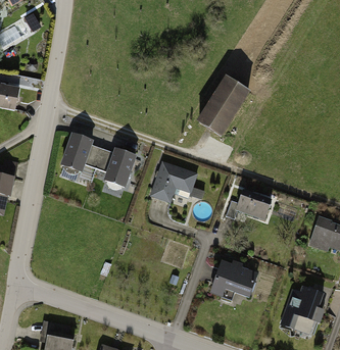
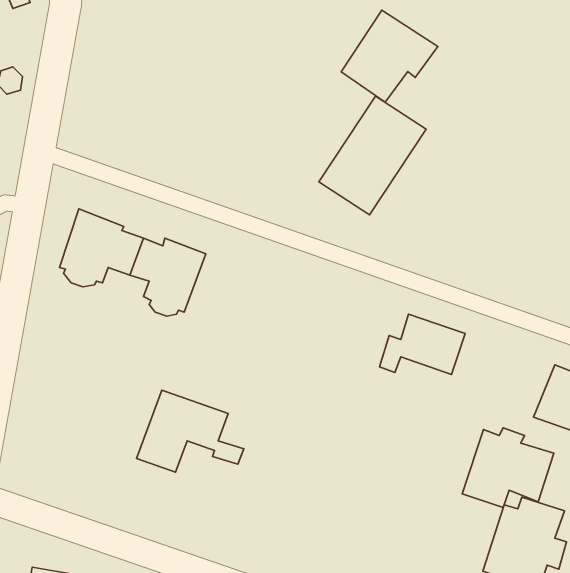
building: none -> [341,10,438,102]
building: [150,161,206,204] -> [136,390,244,472]
building: [210,258,258,300] -> [462,428,554,508]

